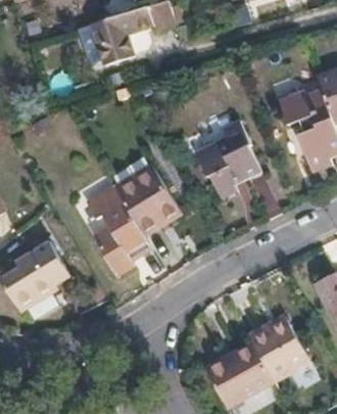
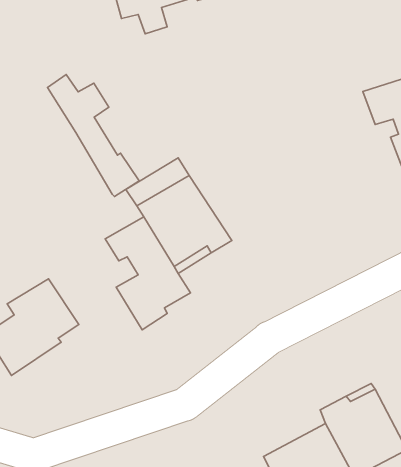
building: none -> [48,75,139,197]
building: [194,116,260,194] -> none

